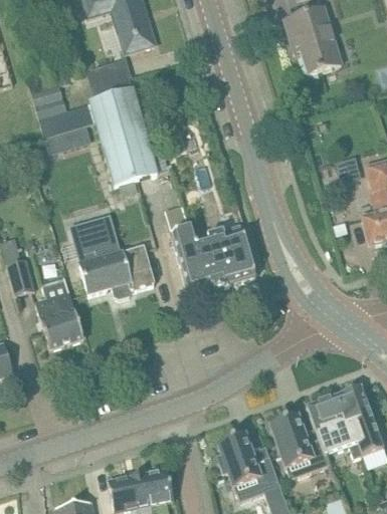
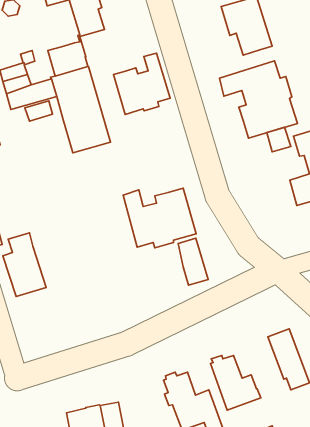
building: none -> [114,53,170,114]
building: none -> [219,61,298,138]
building: [74,218,154,297] -> none
building: none -> [178,238,208,285]
building: [307,395,363,458] -> none

